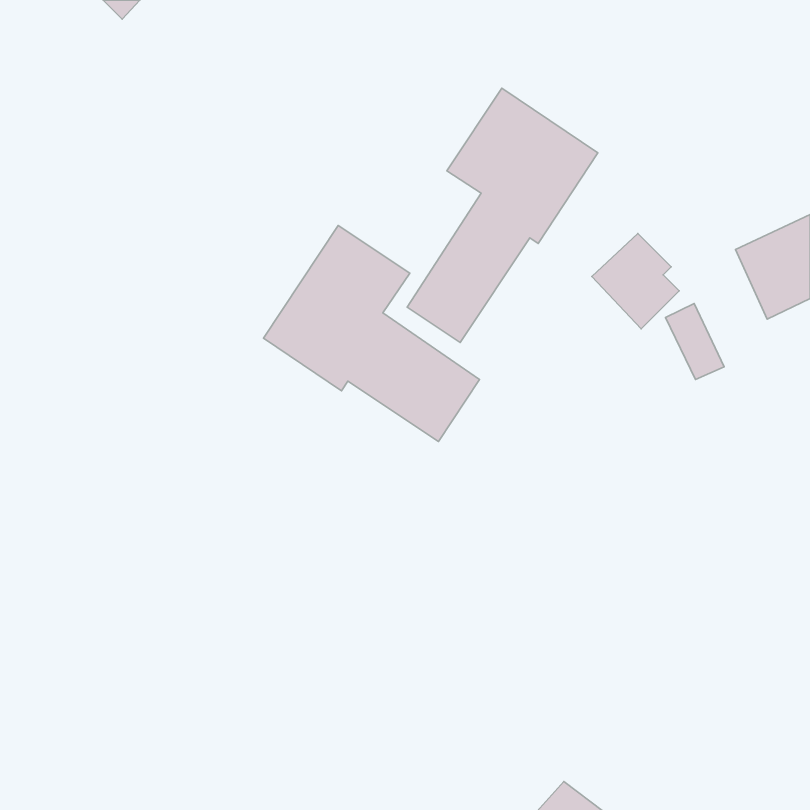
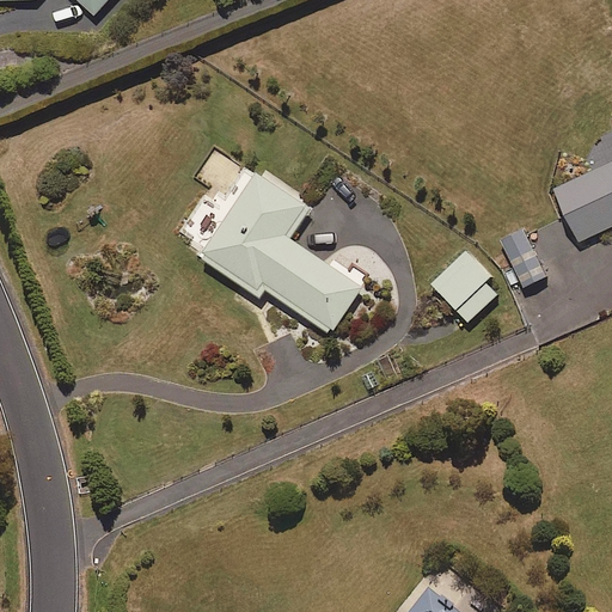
building: [407,88,598,343] -> none
building: [592,234,679,329] -> [430,251,496,323]

